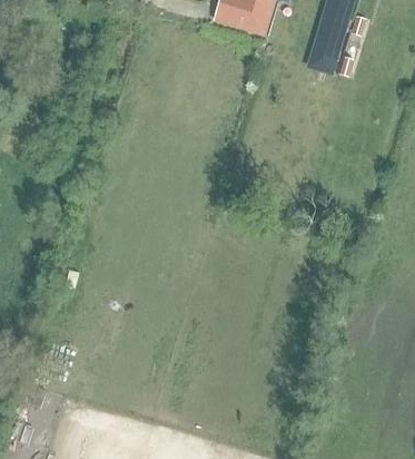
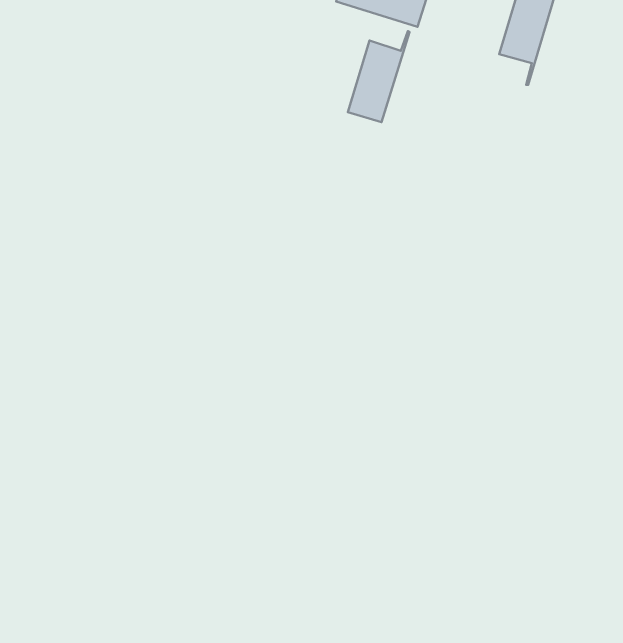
building: none -> [348,31,409,122]

